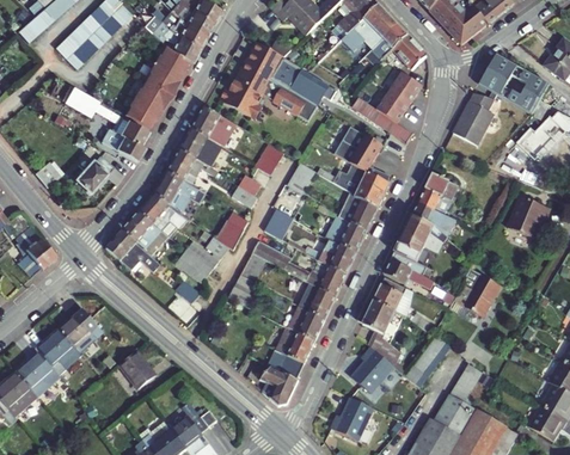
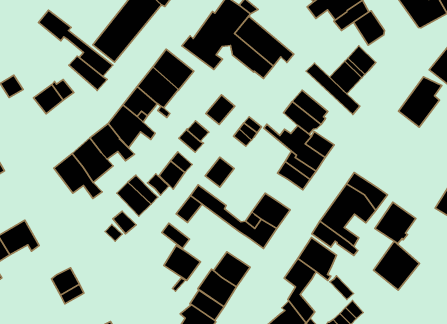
building: [417,174,458,216] -> [375,202,416,244]
building: [325,216,367,253] -> none
building: [299,284,336,319] -> [164,245,200,281]

